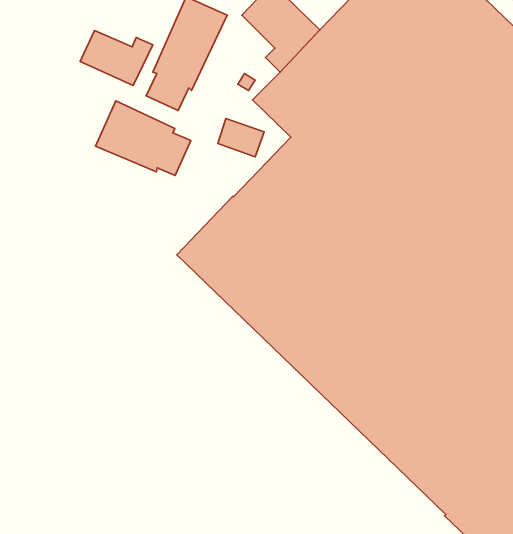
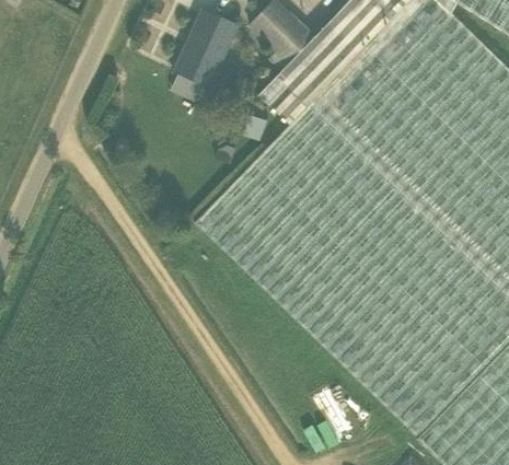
building: [80,31,153,86] -> none
building: [95,101,191,176] -> none

